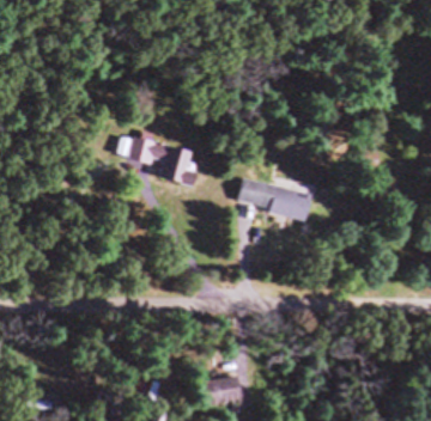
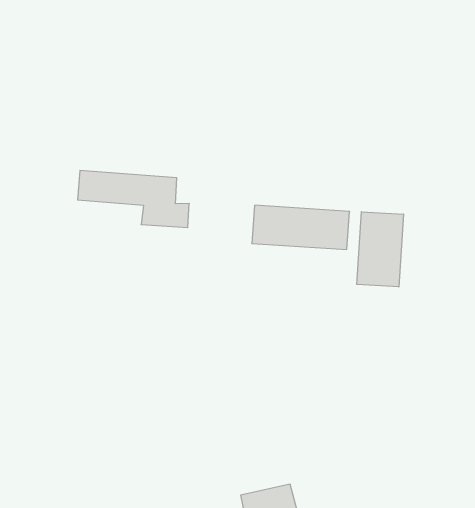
building: none -> [357,212,403,287]

